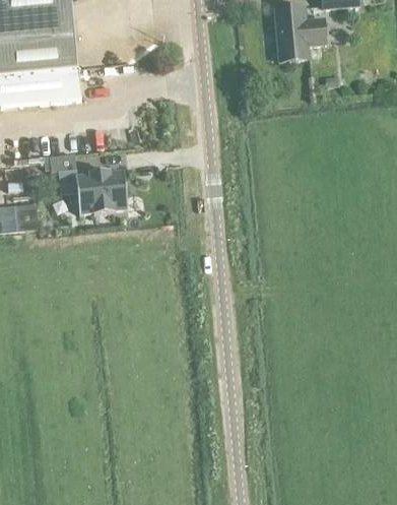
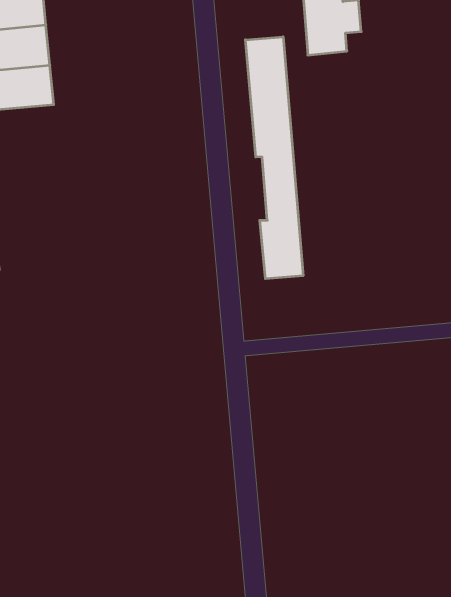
building: none -> [245,37,303,279]
building: [59,168,131,215] -> none

